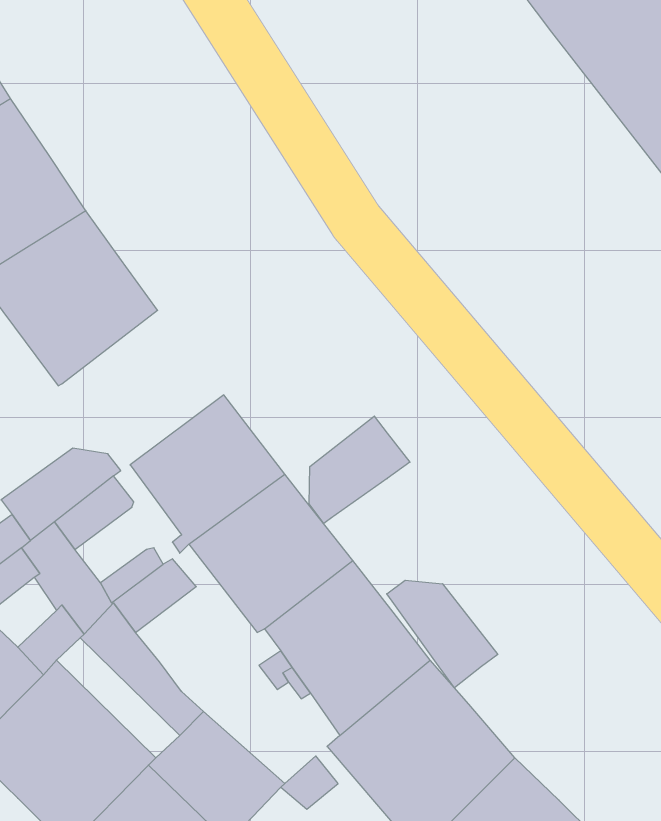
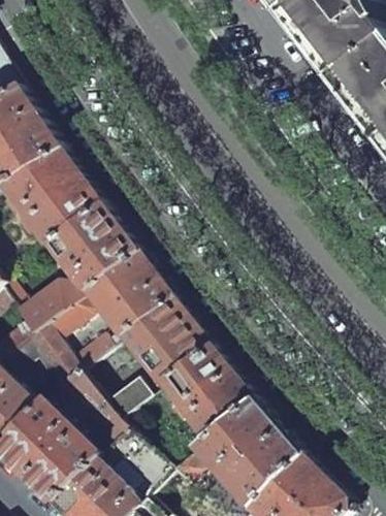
building: none -> [50,204,140,293]
building: [309,416,410,524] -> none
building: [387,580,498,688] -> none
building: none -> [104,378,149,418]

